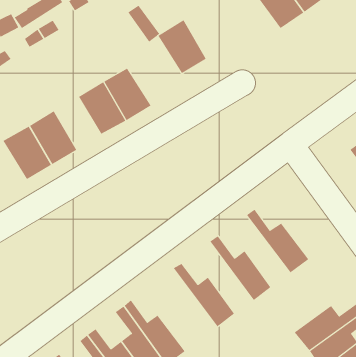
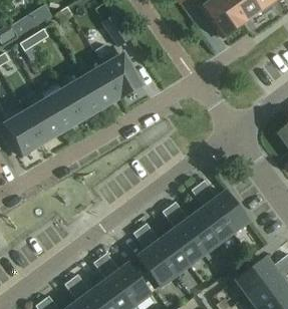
building: [157,20,207,74] -> [102,54,141,97]
building: none -> [44,90,81,132]
building: none -> [190,185,232,242]
building: none -> [162,206,203,263]
building: none -> [132,227,174,285]

